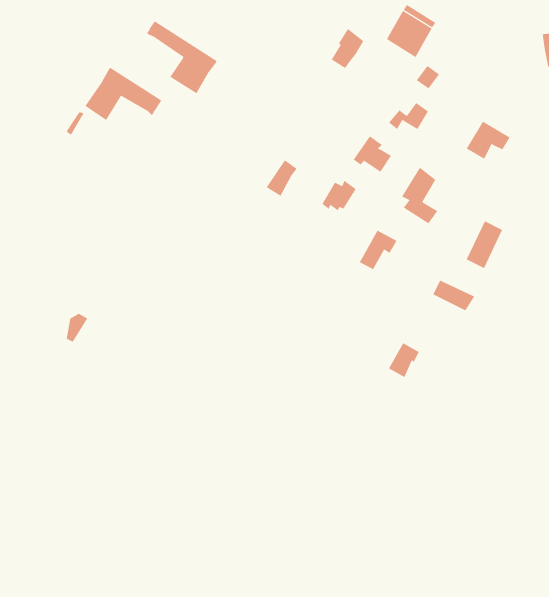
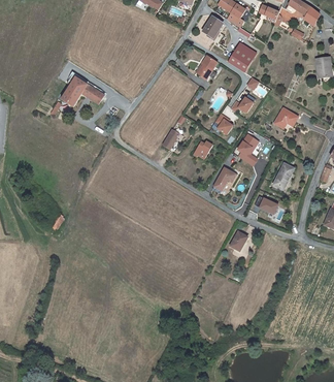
building: [147,21,217,94] -> none

